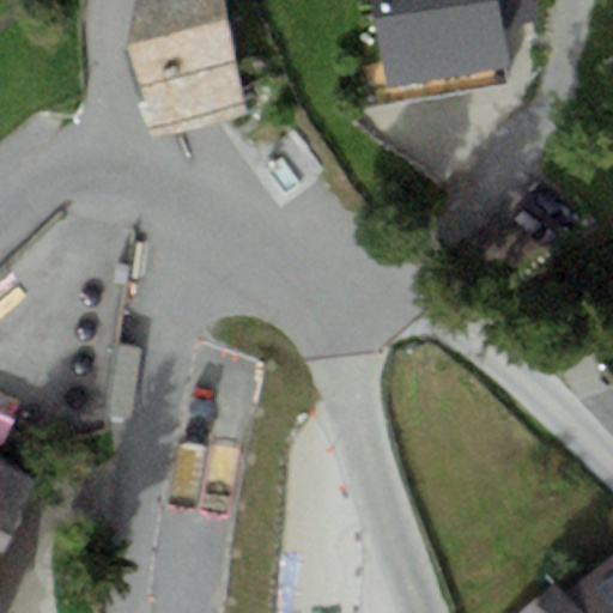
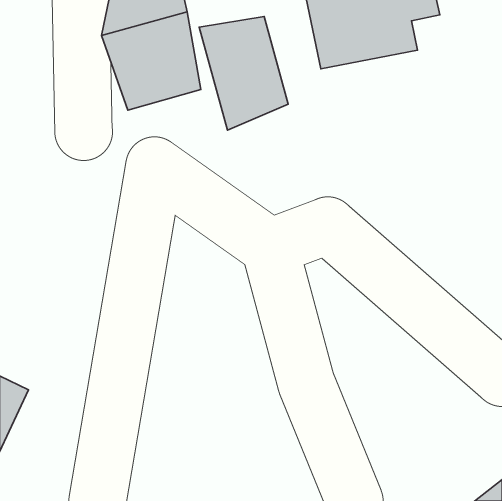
building: none -> [199,16,288,130]

